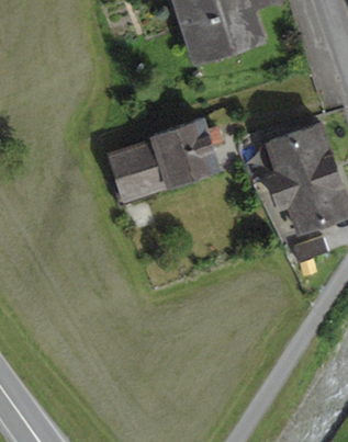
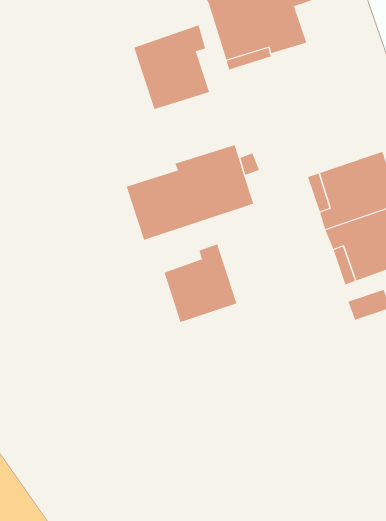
building: none -> [134,25,210,110]
building: none -> [164,244,237,323]

